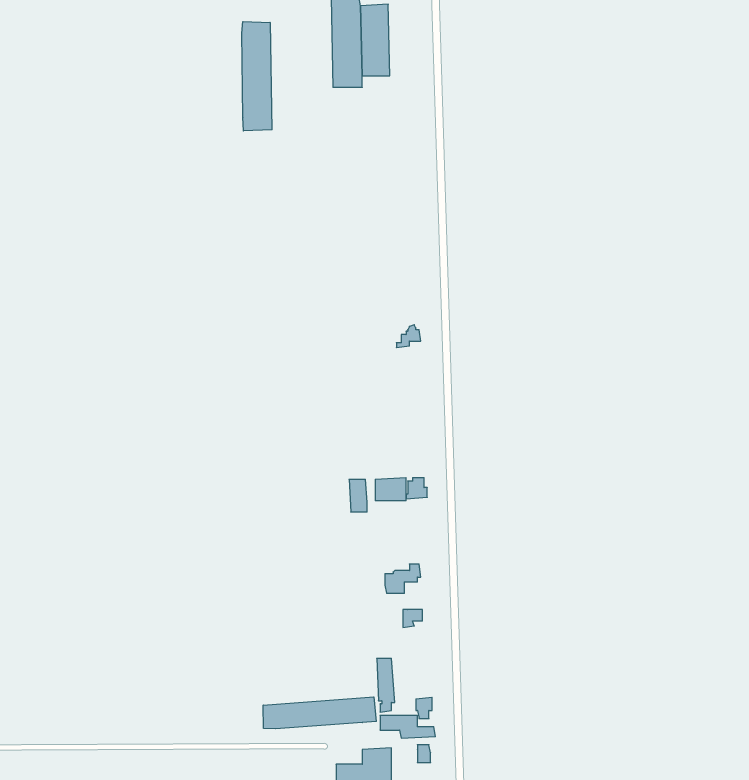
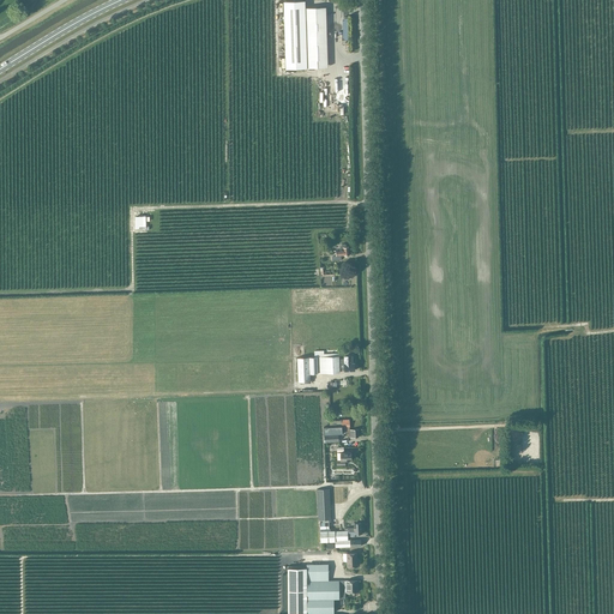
building: [242,22,272,131] -> none
building: [263,697,376,729] -> none

